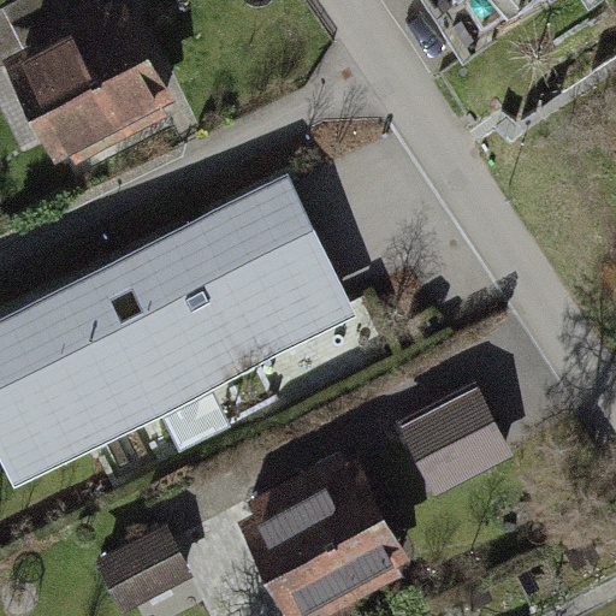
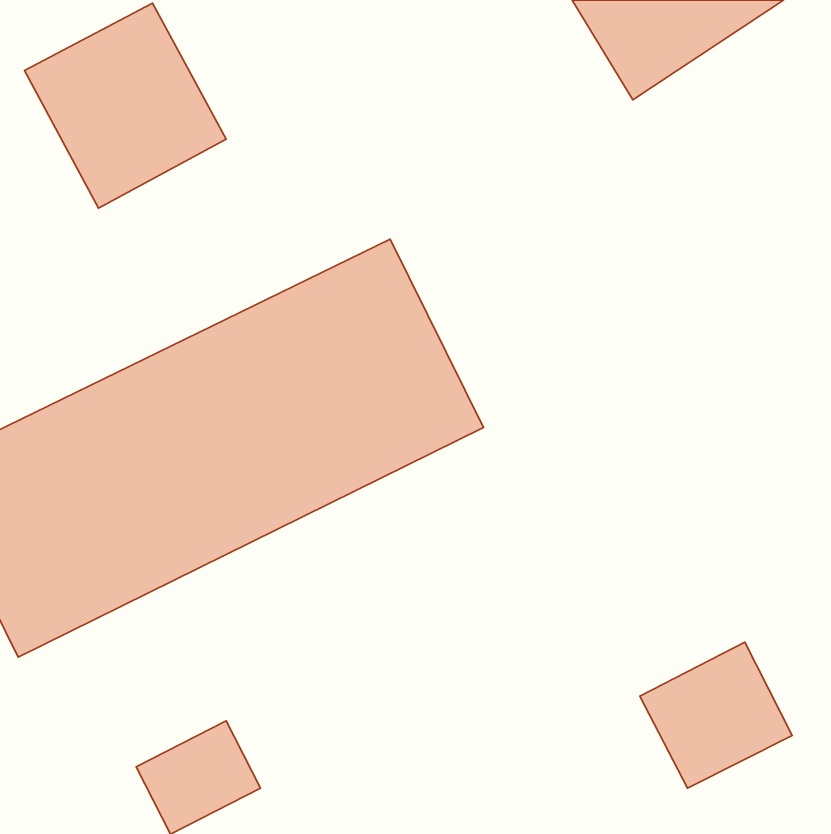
building: [396,381,508,488] -> [640,642,792,788]
building: [251,466,397,608] -> none

